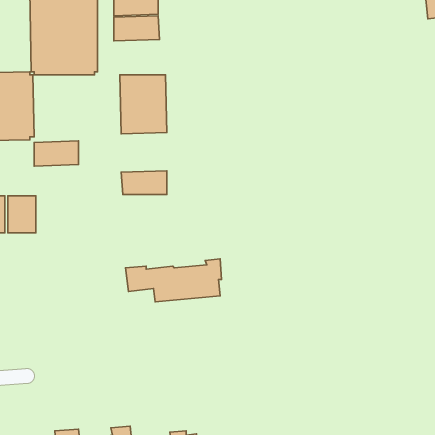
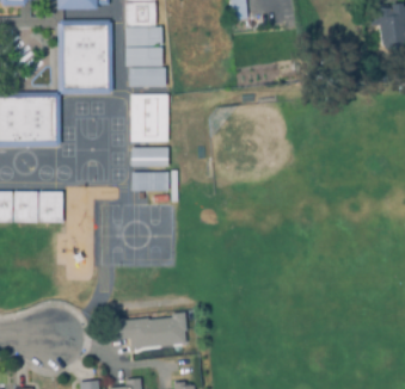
building: none -> [130,68,167,87]
building: [34,141,78,166] -> [133,147,168,167]
building: [126,259,221,302] -> [109,314,186,348]

